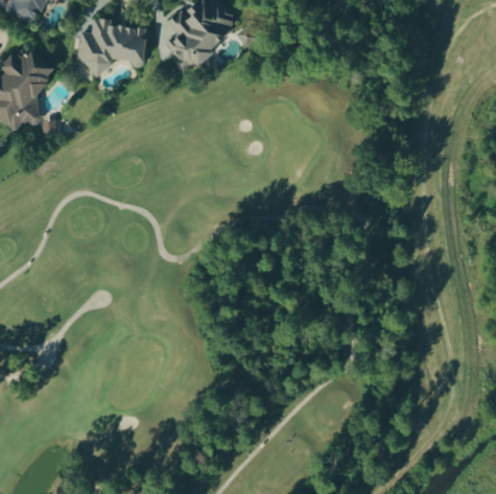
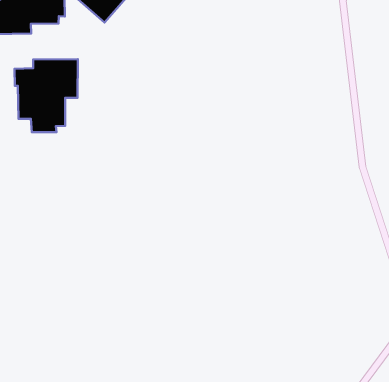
building: none -> [15,59,78,132]

